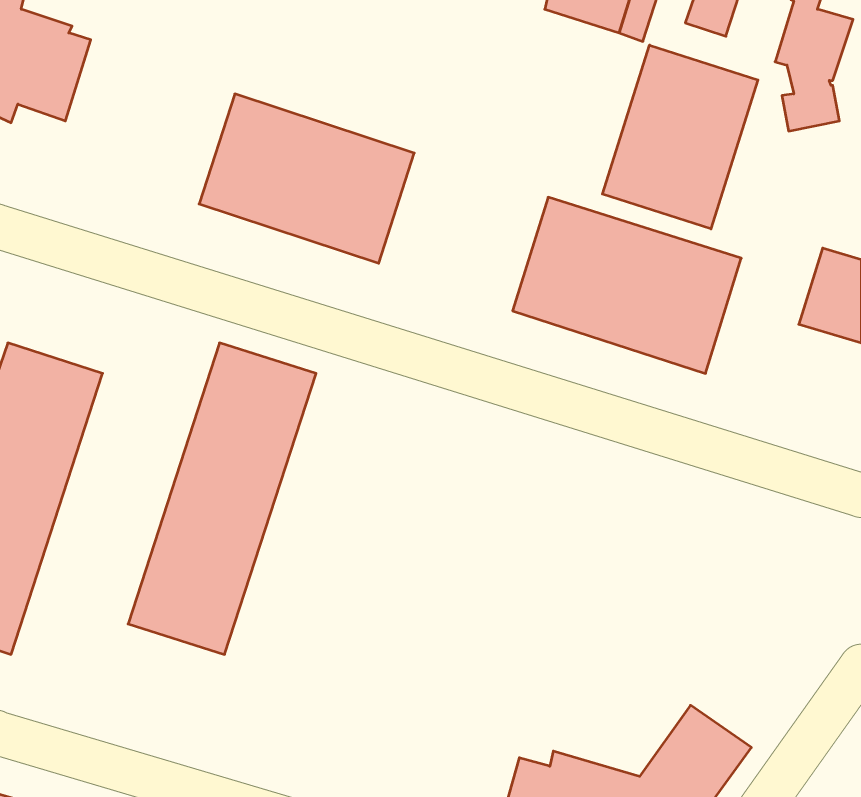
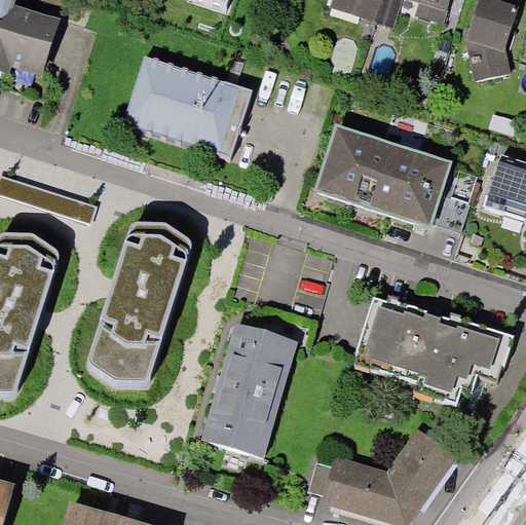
building: [602,45,758,229] -> none
building: none -> [358,298,517,402]
building: none -> [203,330,295,460]

